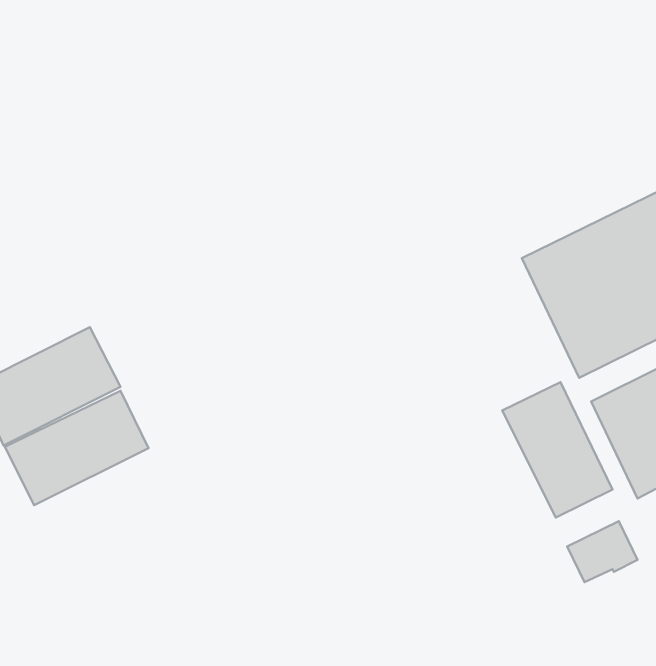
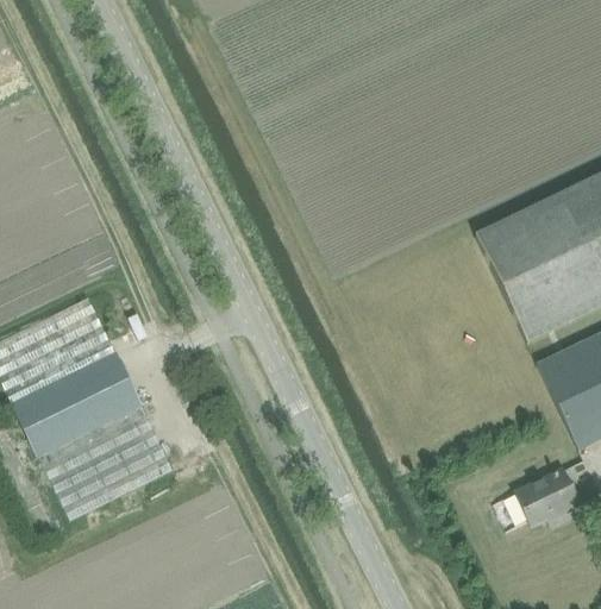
building: [502,382,612,517] -> none
building: none -> [43,414,174,520]

